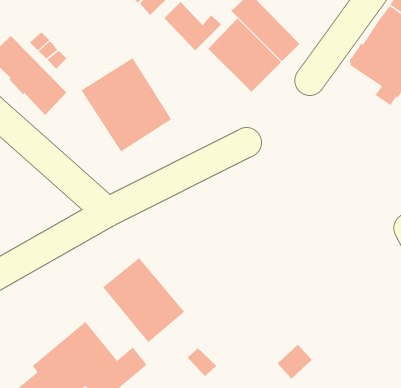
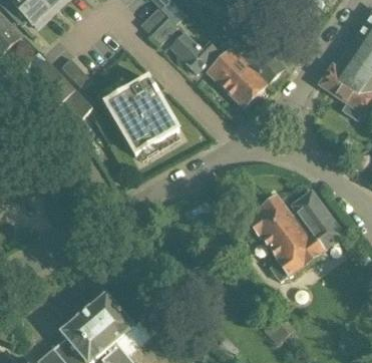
building: none -> [240,191,347,281]
building: [102,257,185,343] -> none

